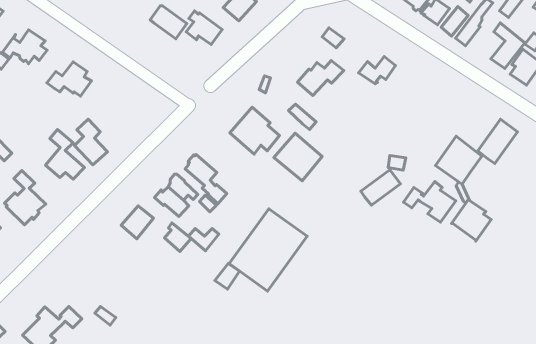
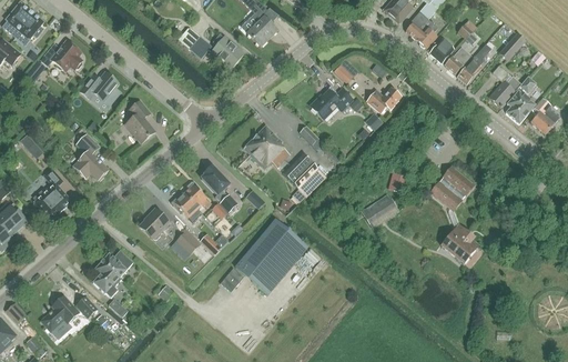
building: [74,119,108,165] -> [125,100,155,142]
building: [478,119,517,163] -> none
building: [404,182,456,222] -> none
building: none -> [93,250,133,296]

